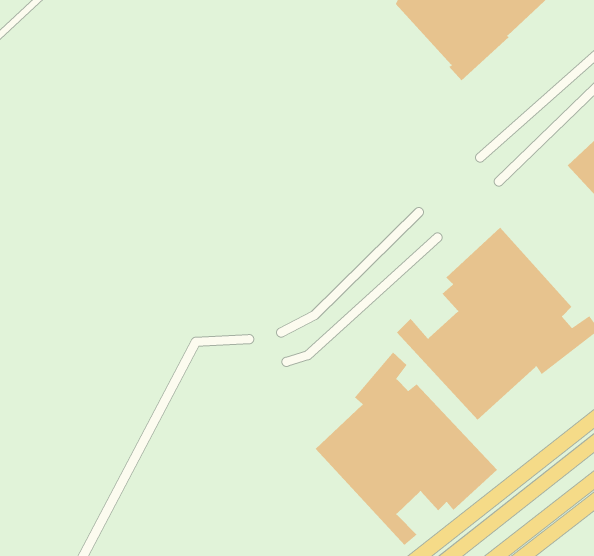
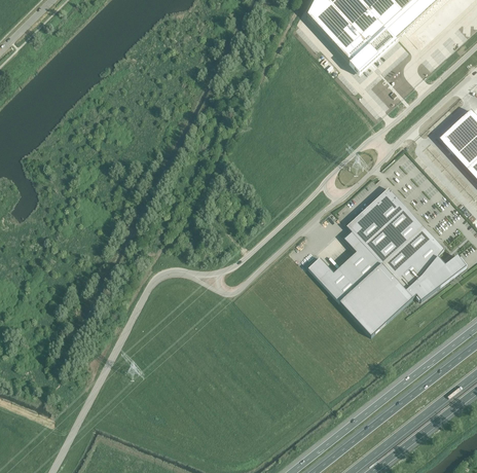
building: [315,352,498,546] -> none

